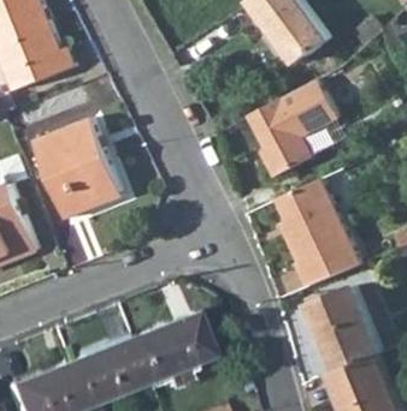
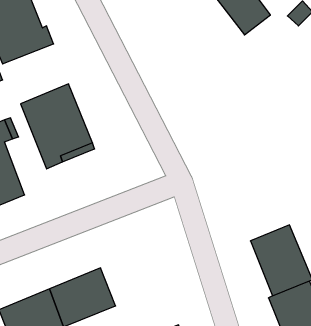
building: [249,81,340,179] -> none
building: [273,180,360,288] -> none
building: [125,315,205,391] -> none

